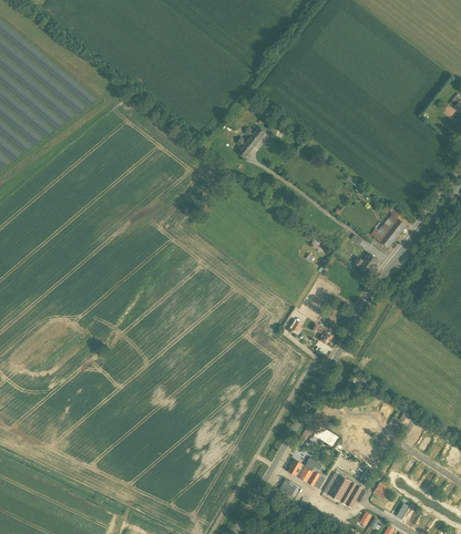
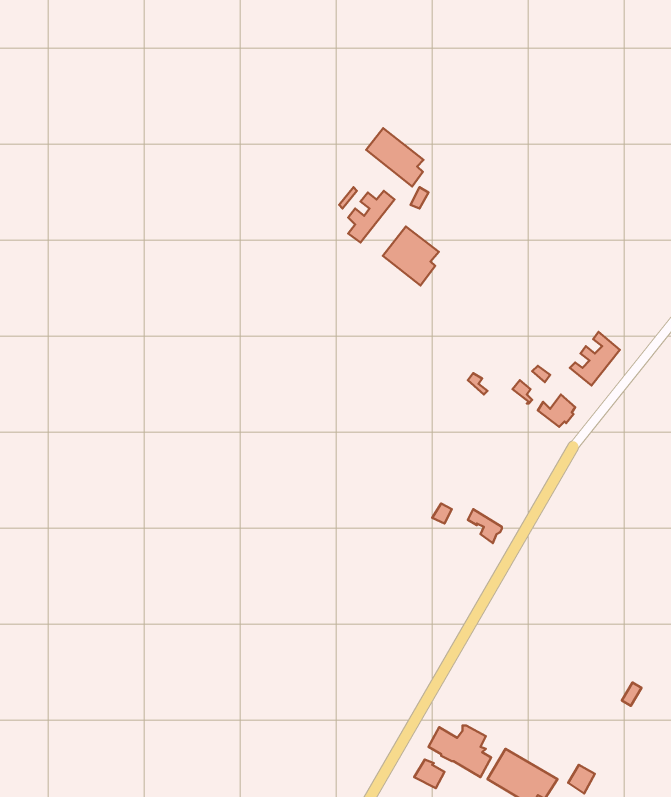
building: none -> [366,128,423,186]
building: none -> [383,226,439,286]

